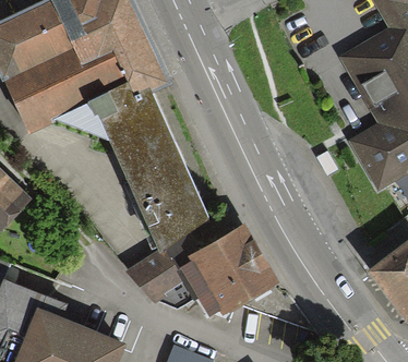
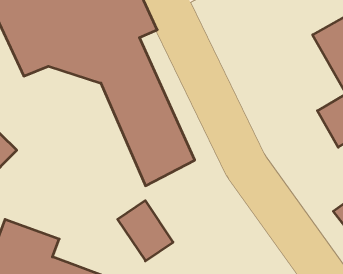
building: [183,220,284,323] -> none

